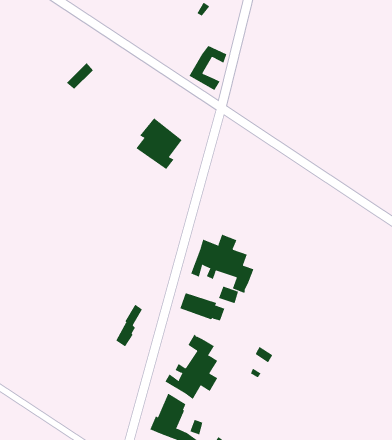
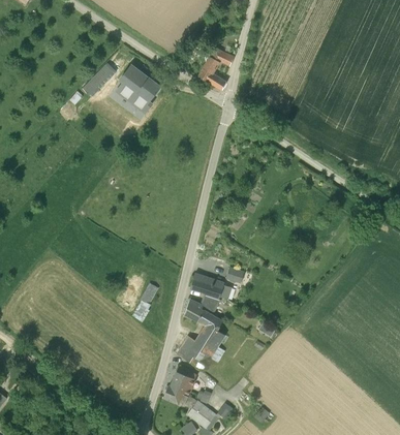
building: [136,117,182,170] -> [118,64,160,112]
building: [191,234,254,294] -> none
building: none -> [185,293,220,319]

